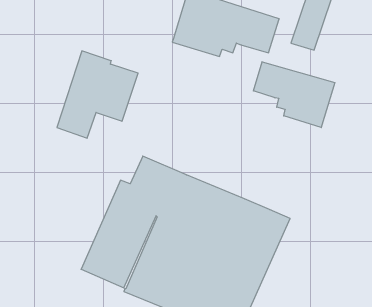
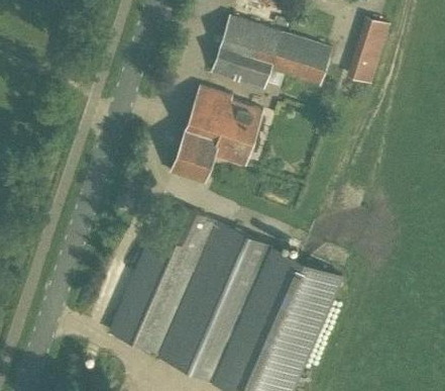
building: [57,51,138,138] -> [172,86,263,185]
building: [253,62,335,128] -> none

